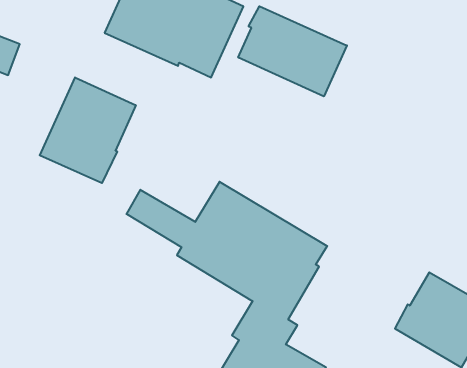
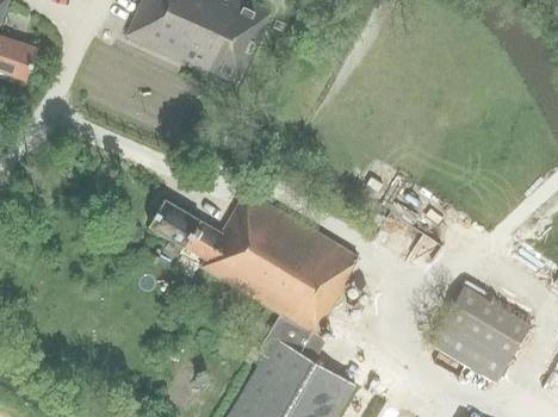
building: [238,6,347,96] -> none
building: [40,77,136,183] -> none

